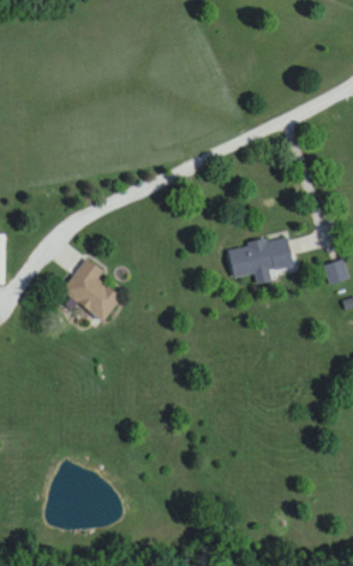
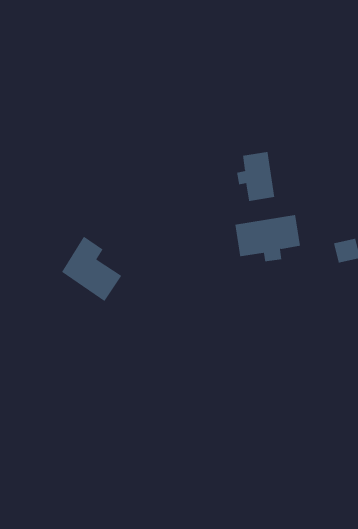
building: none -> [237,151,275,202]

